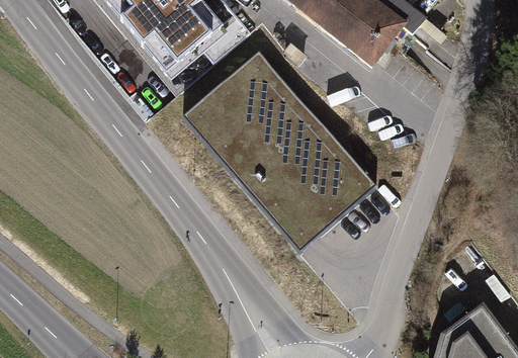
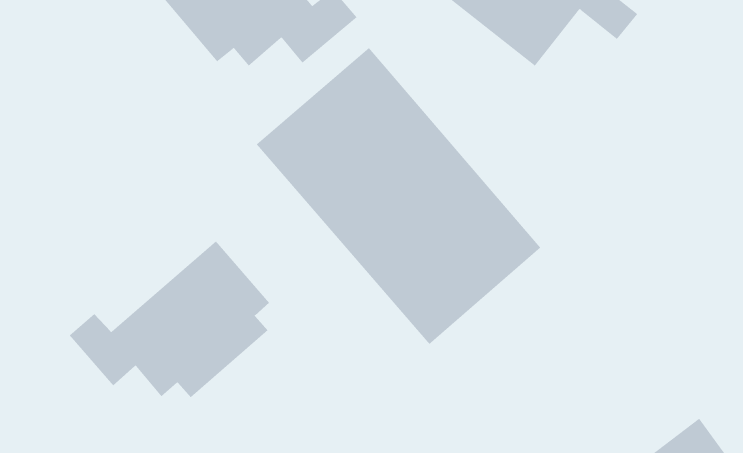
building: none -> [69,241,270,398]

